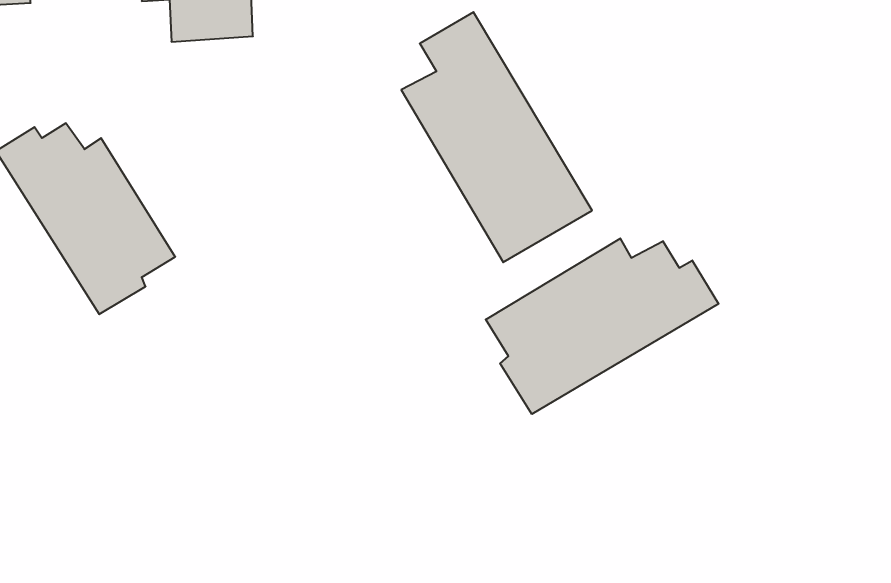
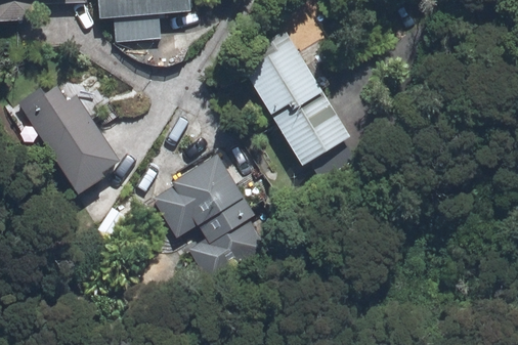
building: [486,238,719,414] -> none
building: none -> [153,153,265,283]

